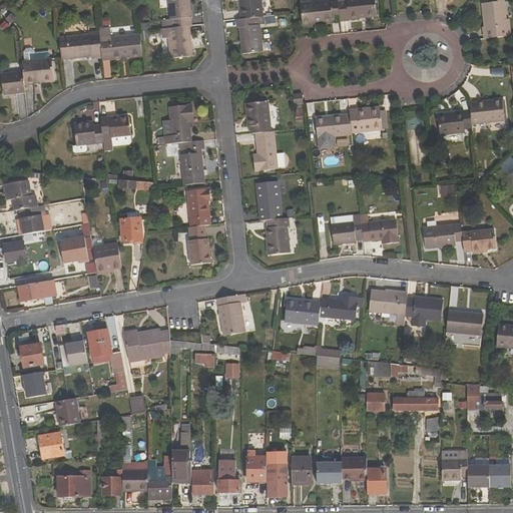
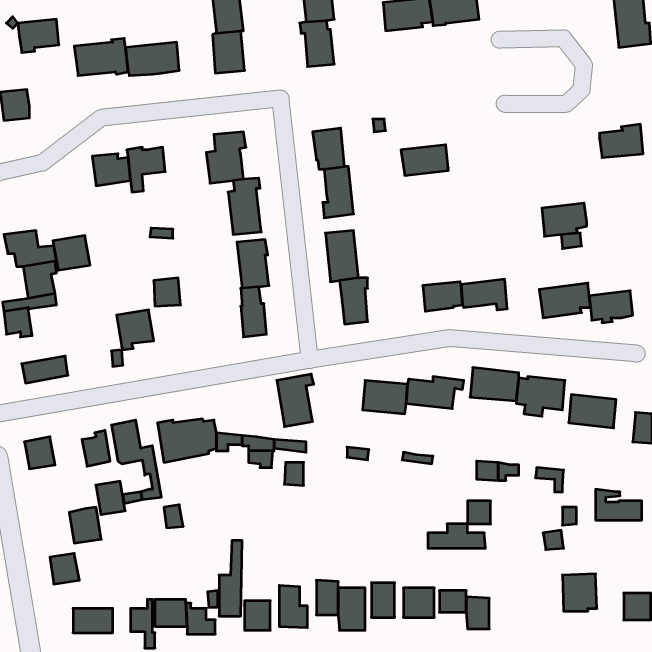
building: [20,57,52,83] -> [18,19,59,53]
building: [349,105,381,131] -> none
building: [436,108,471,134] -> [542,203,587,236]
building: [59,235,88,263] -> [53,236,90,270]
building: [21,370,44,396] -> [96,481,125,515]
building: [392,390,437,409] -> [428,524,485,548]
building: [466,464,488,485] -> none

